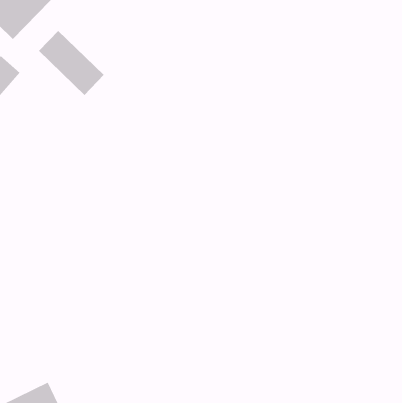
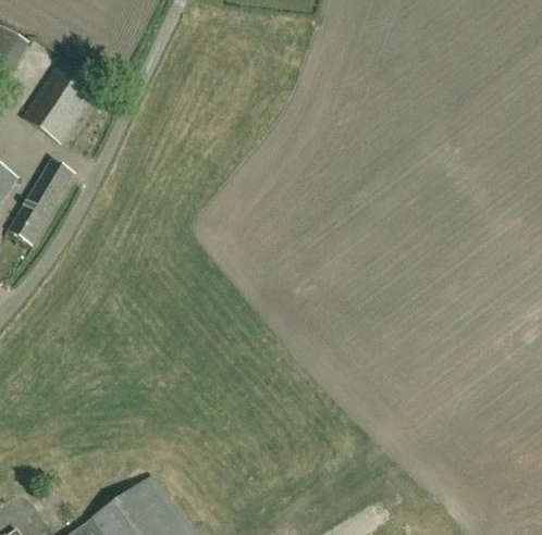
building: [38,30,105,96] -> none

